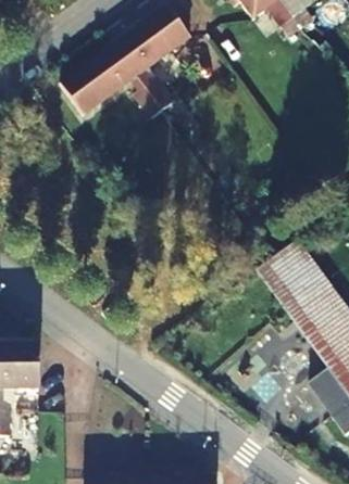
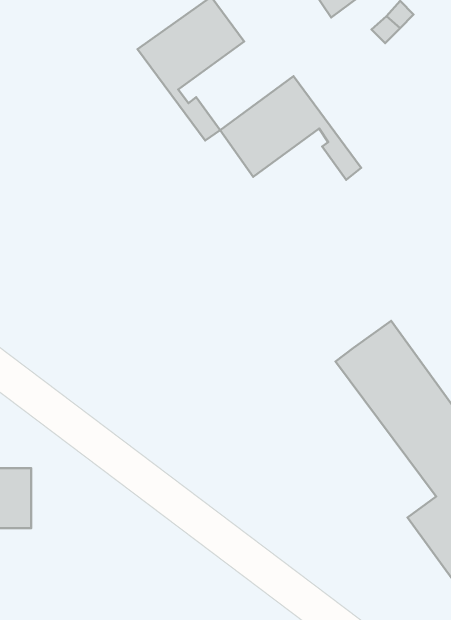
building: [61,43,163,118] -> [220,76,361,180]

